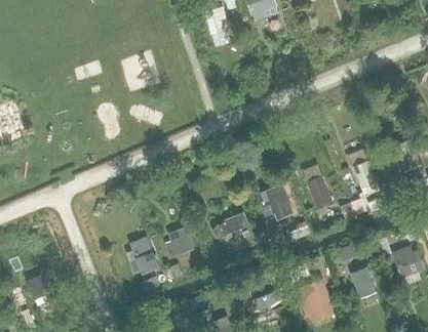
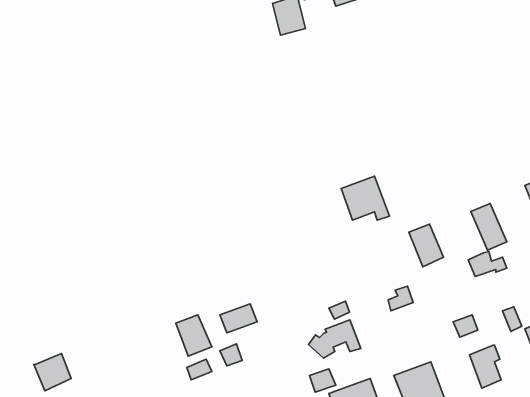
building: [257,183,293,216] -> [341,176,390,220]
building: [212,211,251,240] -> [308,320,361,358]

